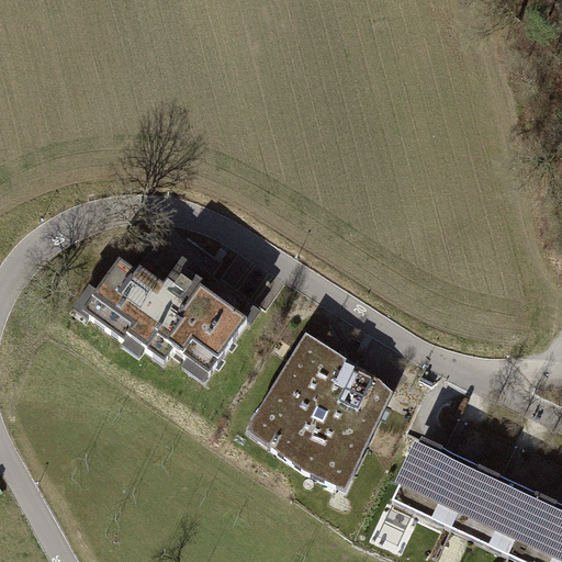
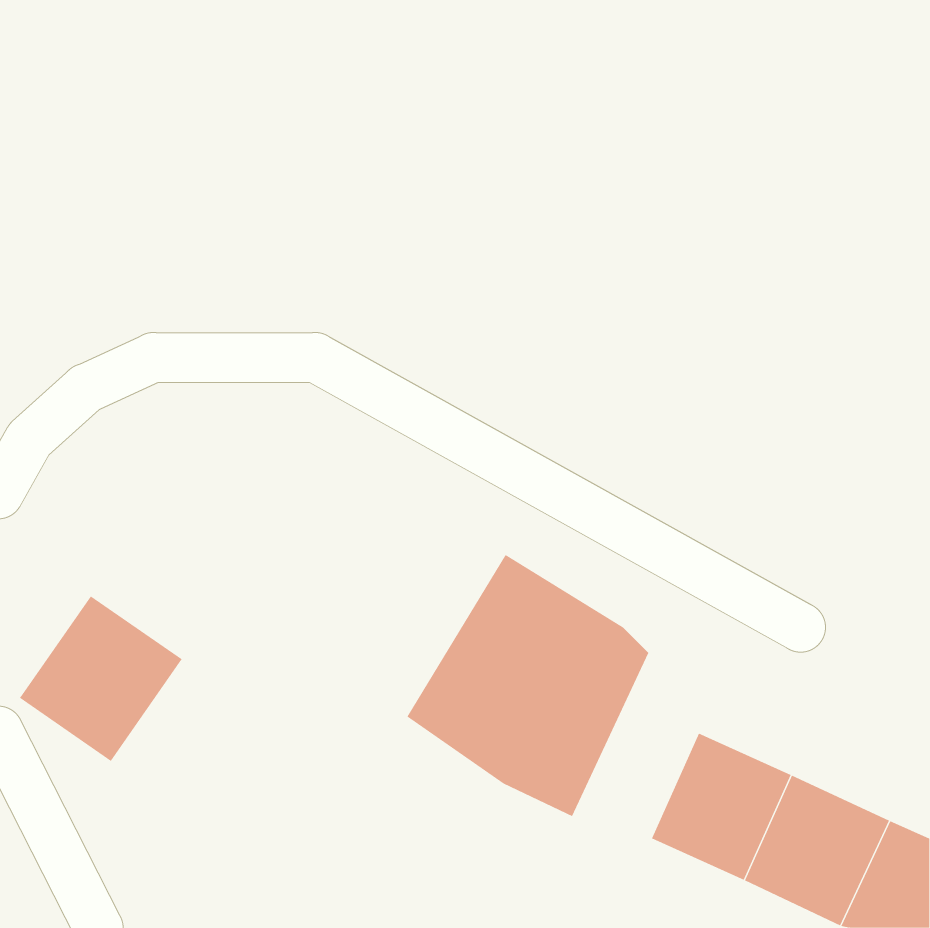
building: [82,250,255,368] -> none
building: none -> [19,595,182,762]

